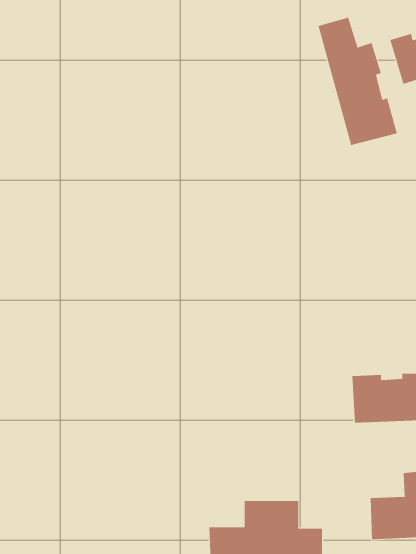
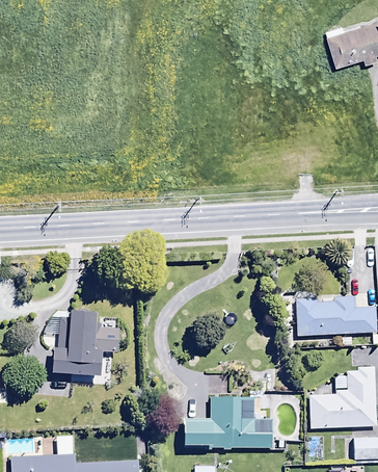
building: [318,17,398,146] -> none
building: none -> [53,310,120,374]

